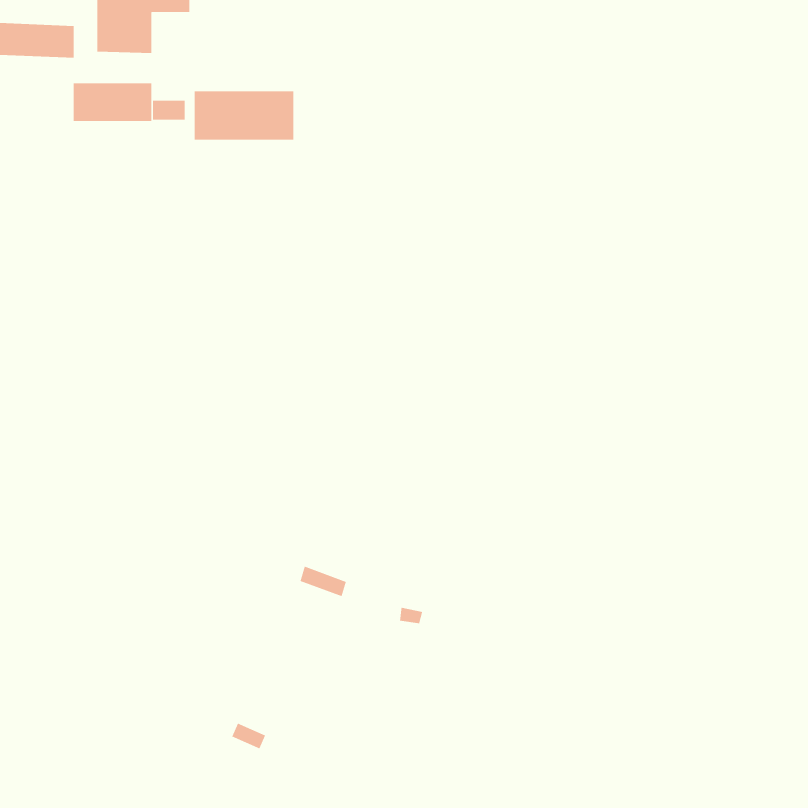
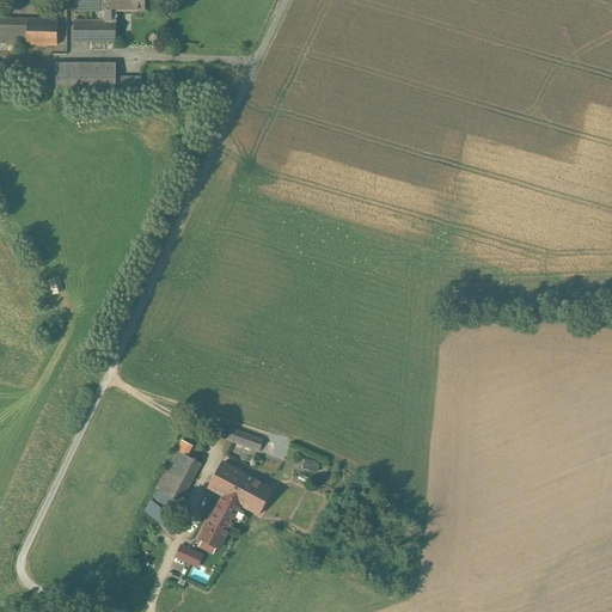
building: [194,91,294,141] -> none
building: none -> [154,440,200,502]
building: none -> [201,463,271,546]

